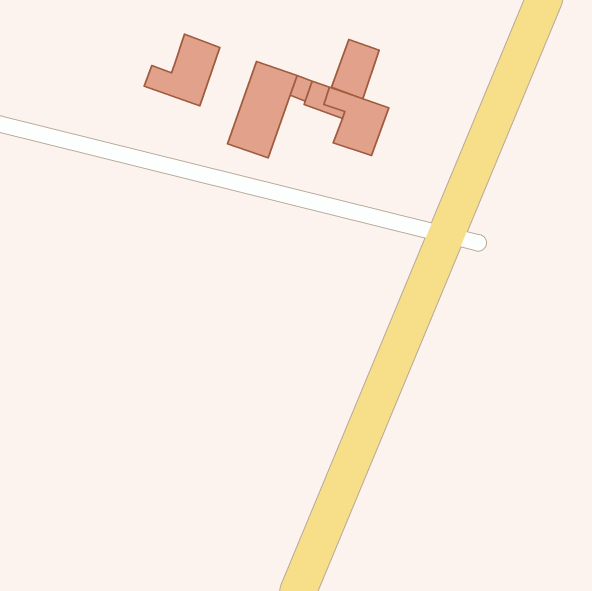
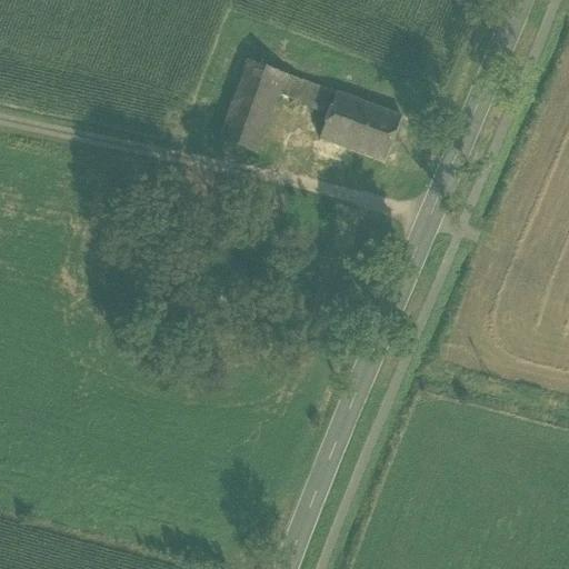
building: [144,34,220,106] -> none
building: [331,40,379,99] -> [357,103,402,160]

